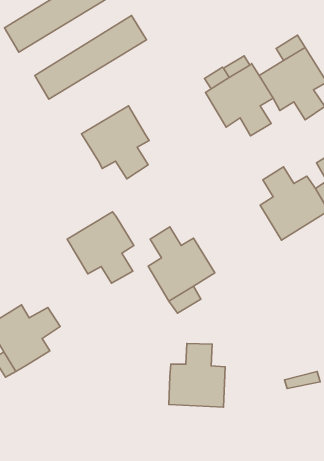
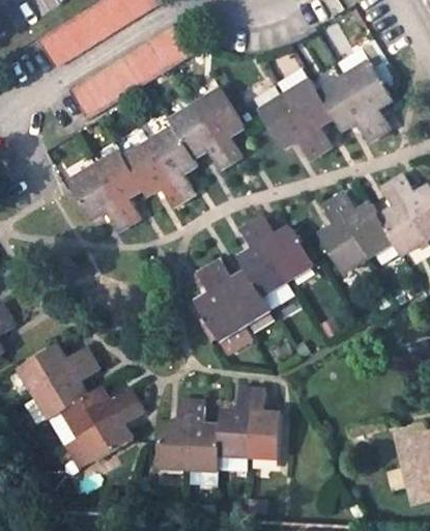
building: none -> [170,89,245,168]
building: none -> [238,215,313,310]
building: [67,212,134,283] -> [68,151,142,230]
building: none -> [62,389,142,464]
building: none -> [157,398,220,470]

